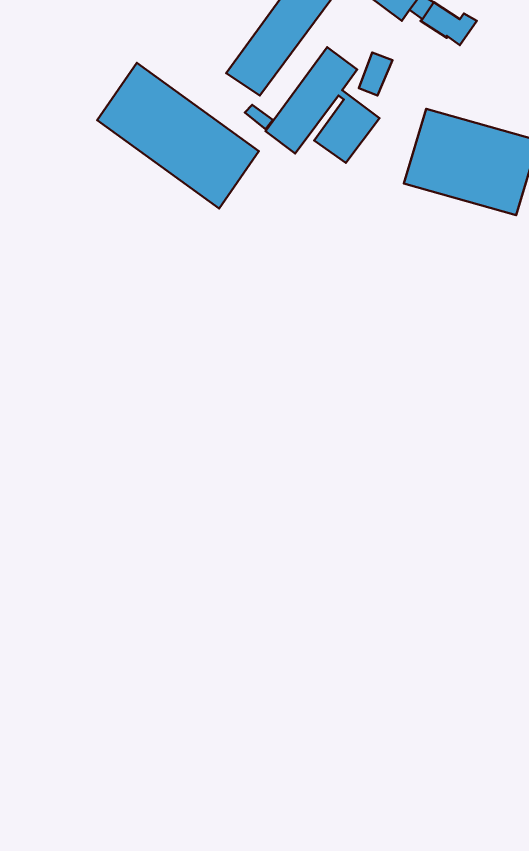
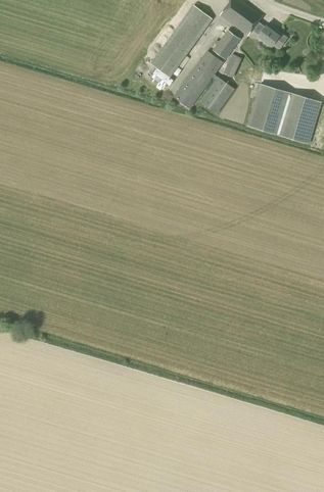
building: none -> [212,30,239,59]
building: [97,63,259,208] -> none

